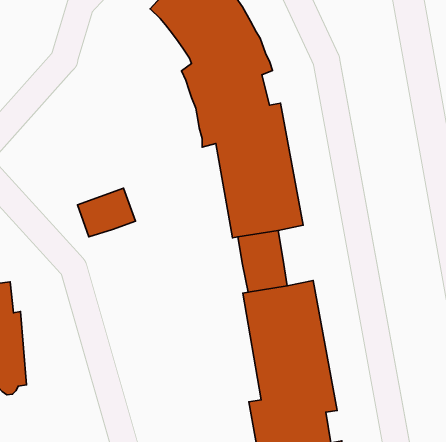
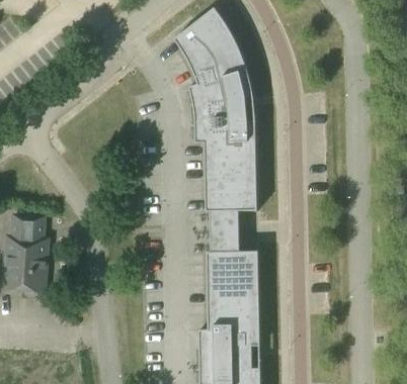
building: [77,188,135,237] -> none

